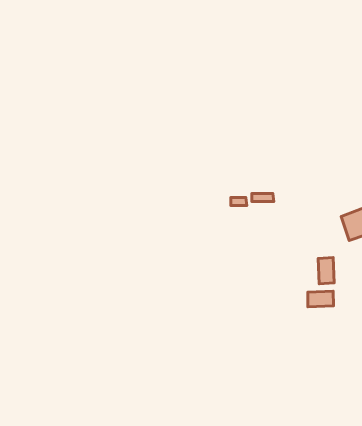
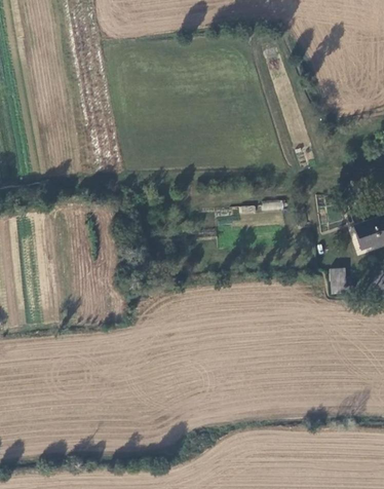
building: [308,291,333,307] -> none

